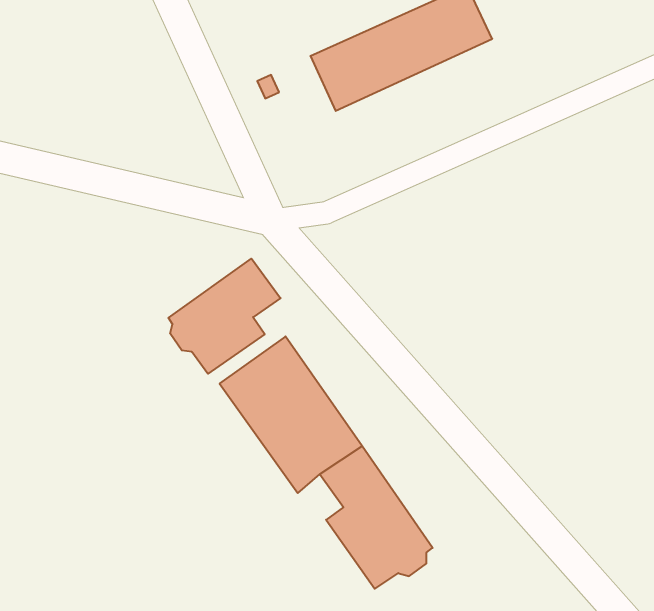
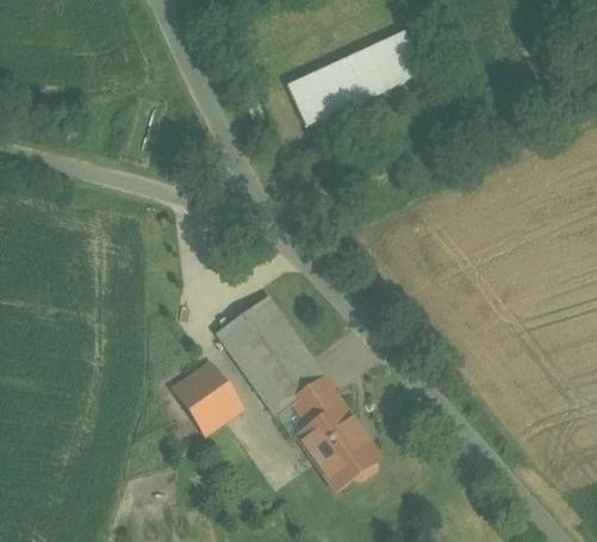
building: [168,259,281,374] -> none
building: none -> [174,363,240,431]

